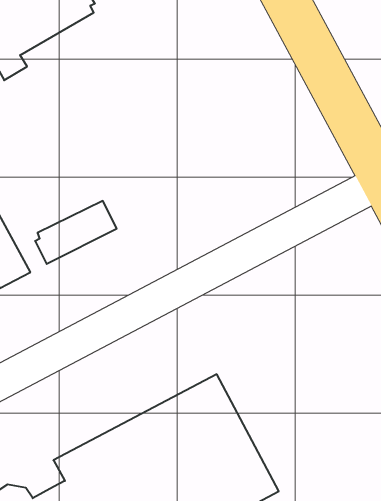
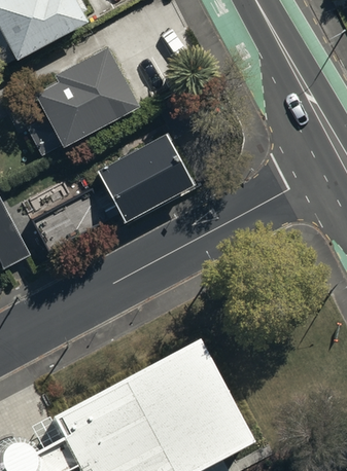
building: none -> [29,46,136,158]
building: none -> [97,134,193,219]

